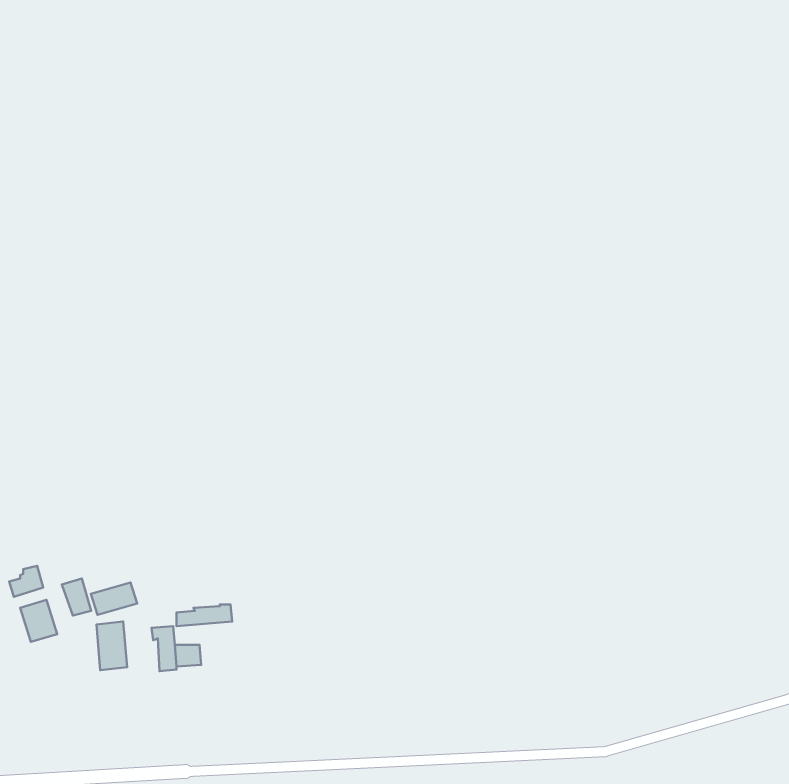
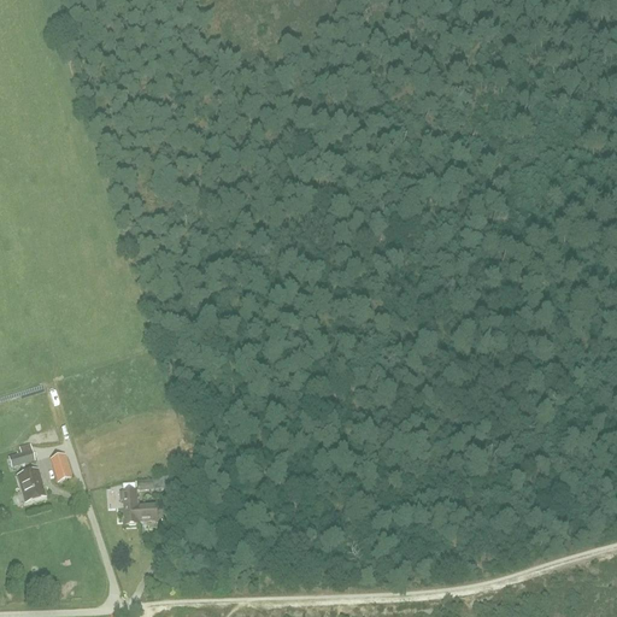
building: [91,583,137,615] -> none
building: [96,621,127,670] -> none

